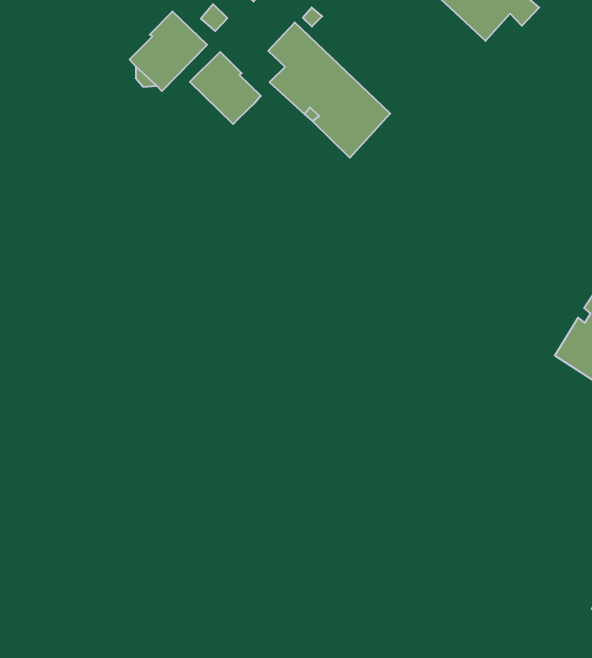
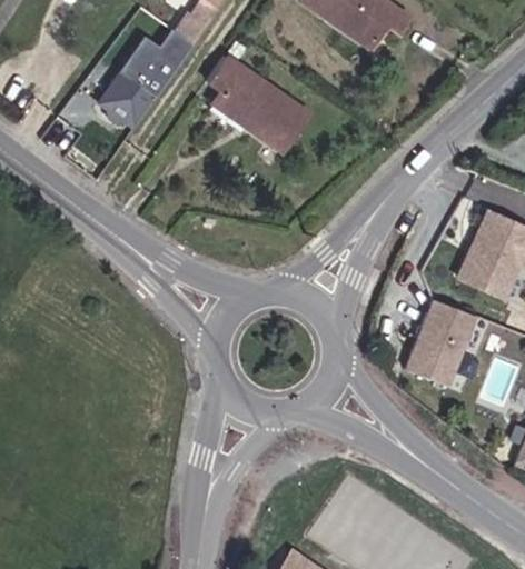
building: [190,52,261,124] -> none
building: none -> [406,299,475,386]

